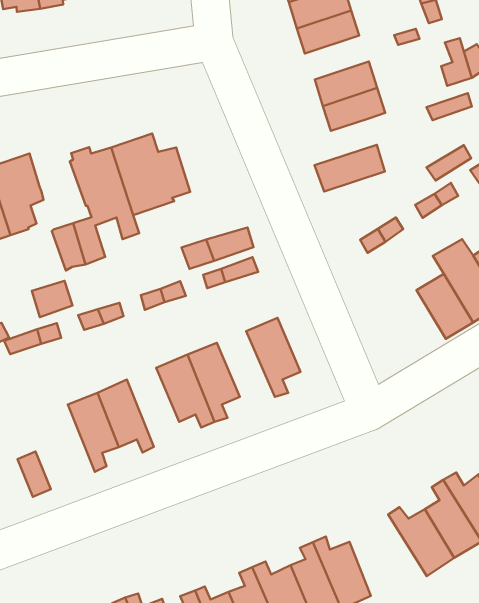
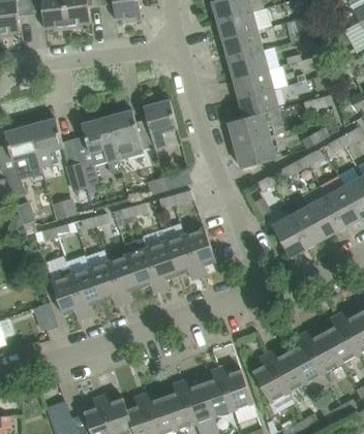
building: none -> [230,57,269,83]
building: none -> [144,100,177,150]
building: none -> [229,109,271,135]
building: none -> [237,142,280,169]
building: none -> [272,216,307,257]
building: none -> [165,236,200,280]
building: none -> [109,255,140,304]
building: none -> [51,268,86,320]
building: none -> [252,353,287,403]

